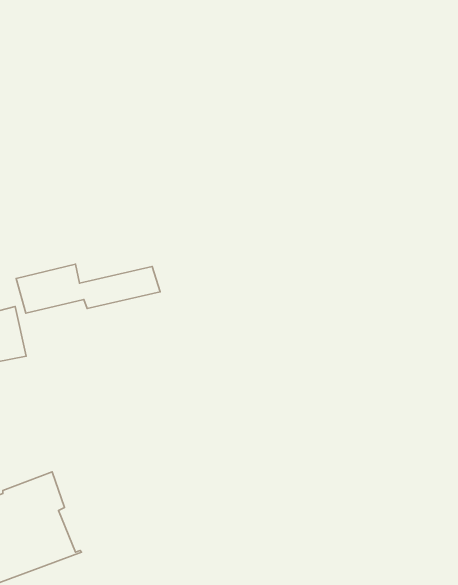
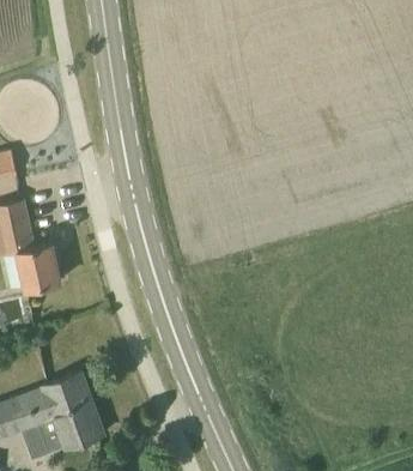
building: [16,264,160,313] -> none

